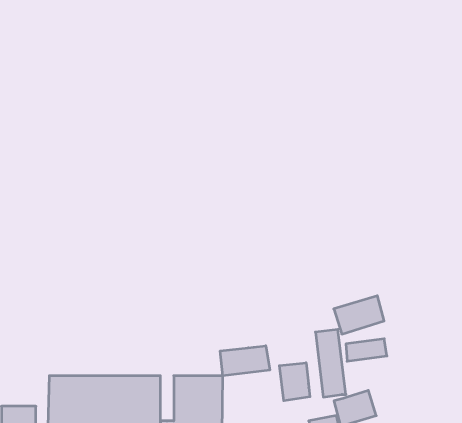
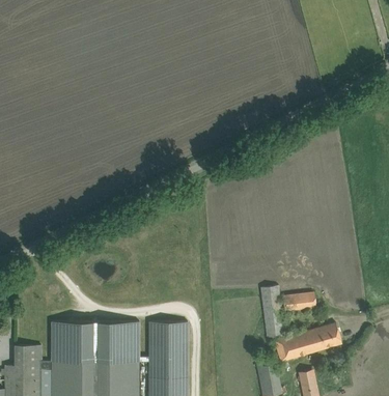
building: [334,296,384,334] -> [302,323,341,353]
building: [220,346,270,376] -> none
building: [279,363,310,401] -> none

